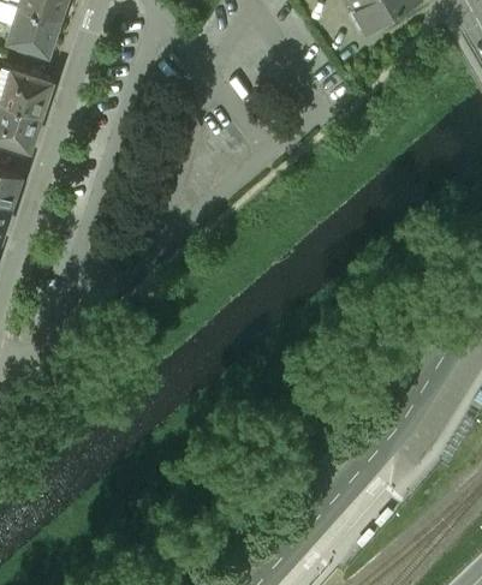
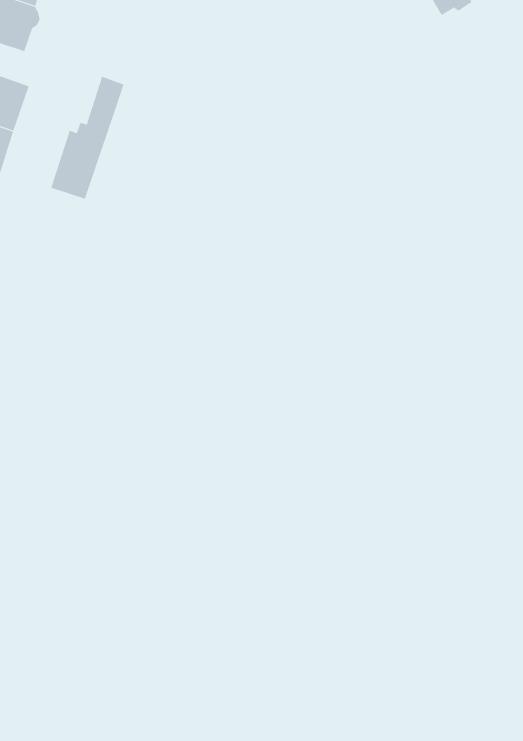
building: none -> [50,76,124,200]

